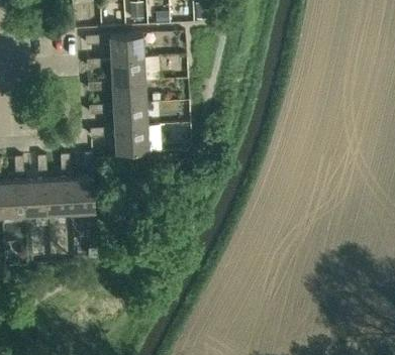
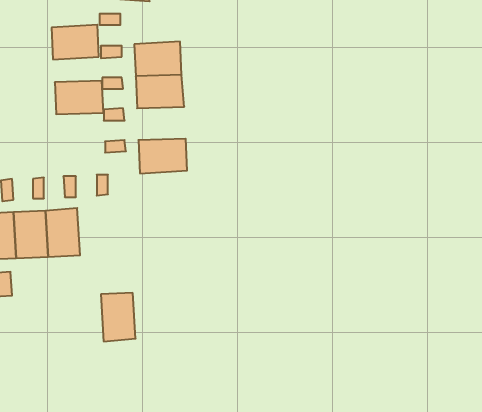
building: [110,36,144,62] -> [52,25,99,59]
building: [113,107,149,131] -> [55,81,103,114]
building: [70,180,95,215] -> [101,293,136,341]

